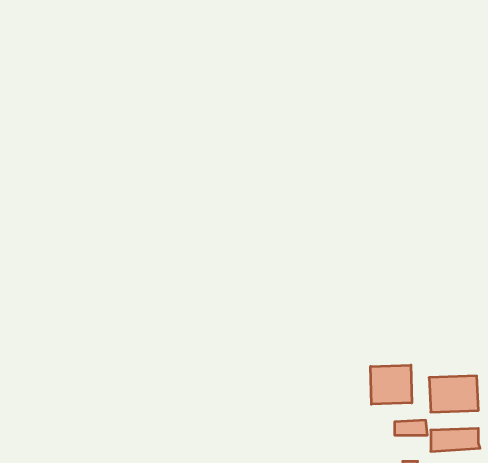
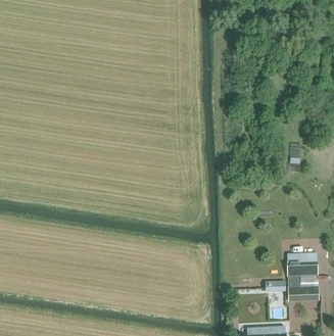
building: [371,365,412,404] -> none

